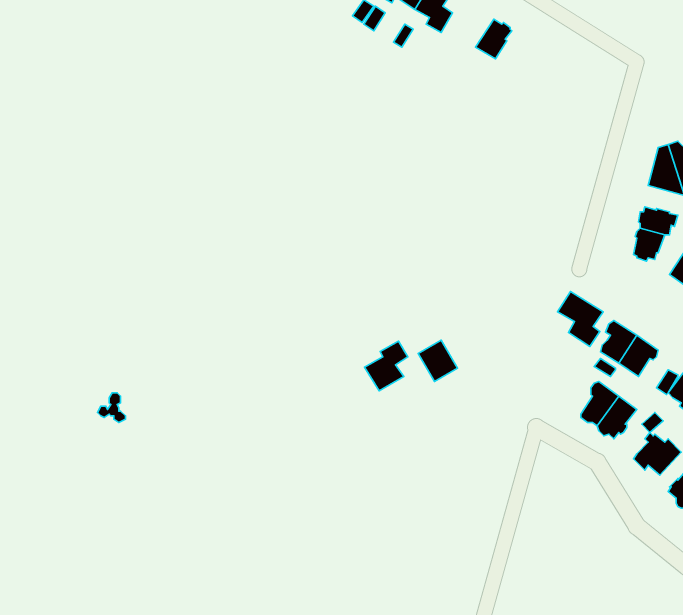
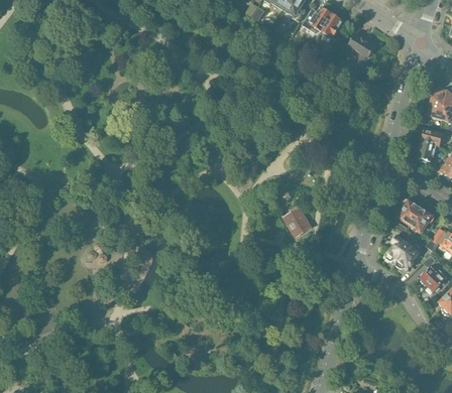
building: none -> [302,6,332,32]
building: none -> [348,31,375,67]
building: [557,292,603,346] -> none
building: [364,341,408,391] -> none

